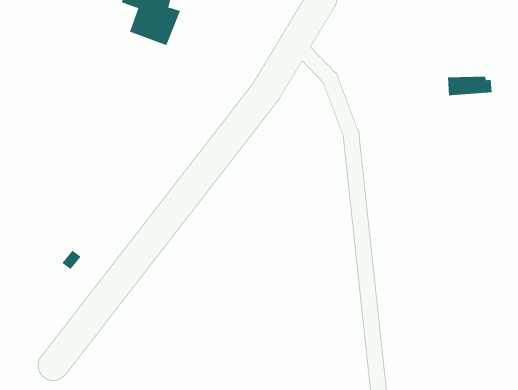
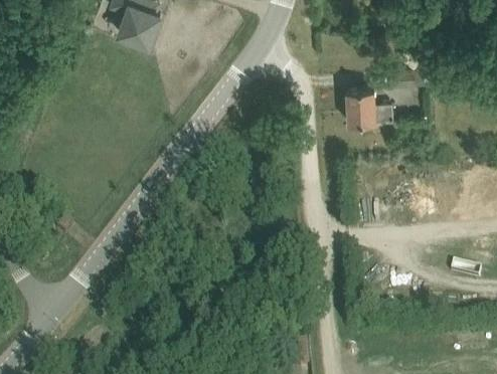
building: none -> [346,85,392,121]

